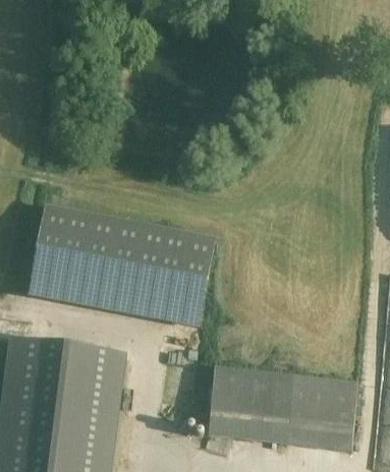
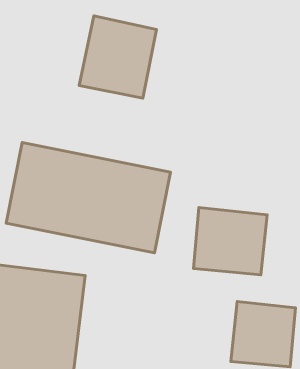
building: none -> [79,16,156,98]
building: [207,371,290,448] -> [193,208,267,275]

